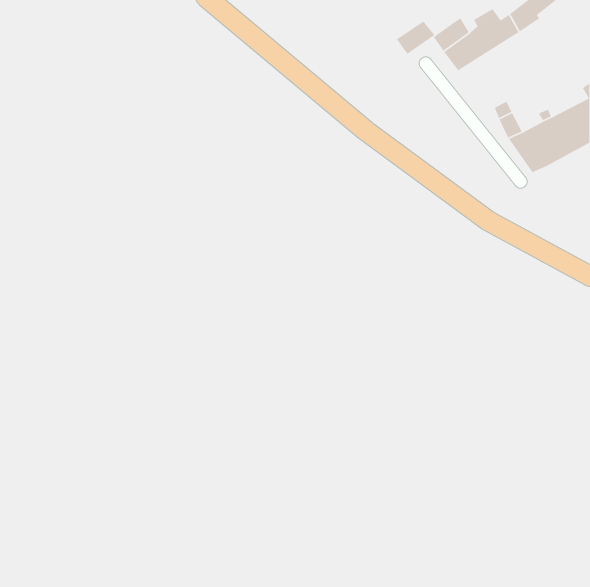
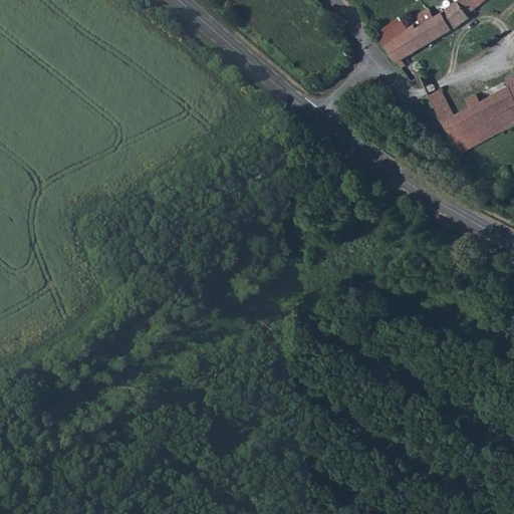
building: [396,20,435,55] -> none

